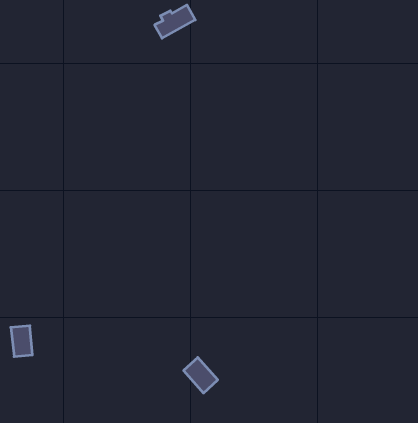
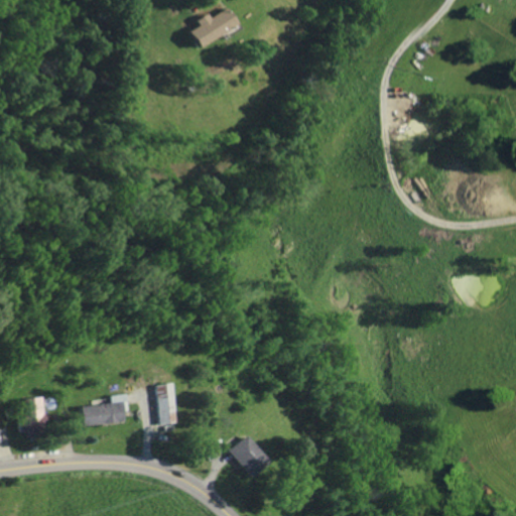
building: none -> [154,383,174,425]
building: none -> [82,394,127,426]

